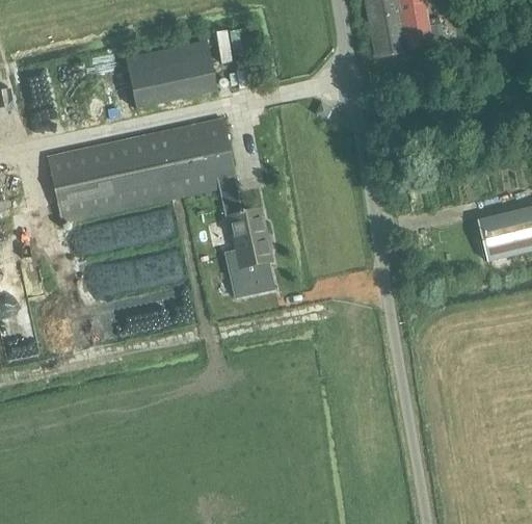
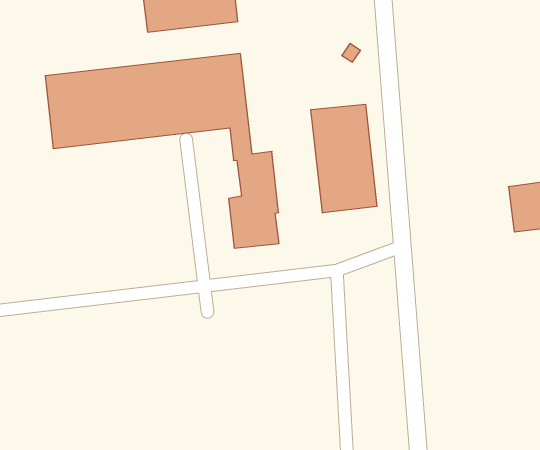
building: none -> [311,104,377,213]

